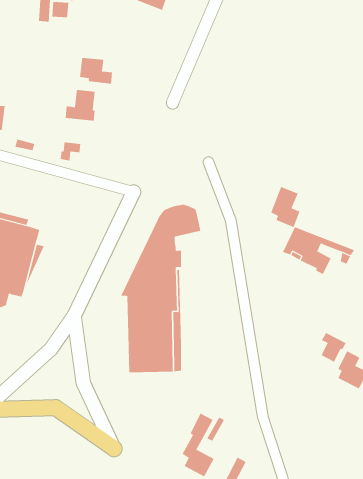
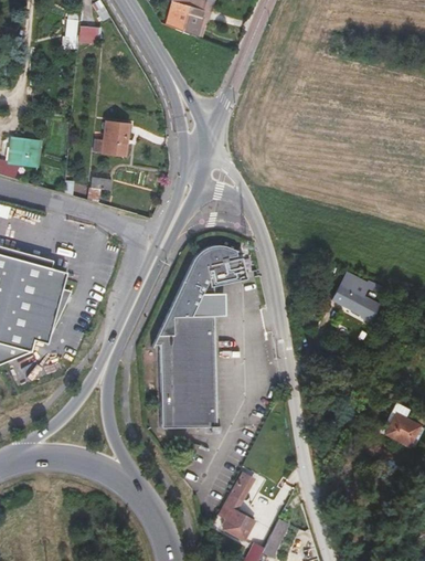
building: [80,57,113,85] -> none
building: [271,186,300,228] -> none
building: [321,332,346,362] -> none

